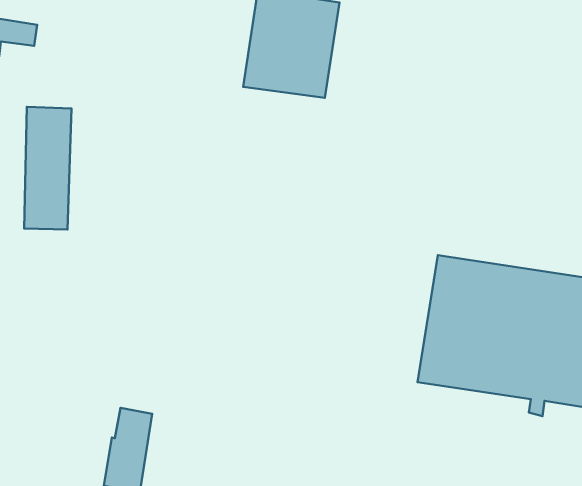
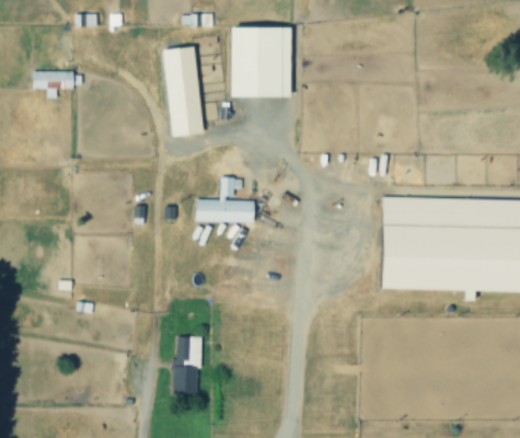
building: [24,107,72,230] -> [162,46,203,136]
building: none -> [195,177,254,222]

